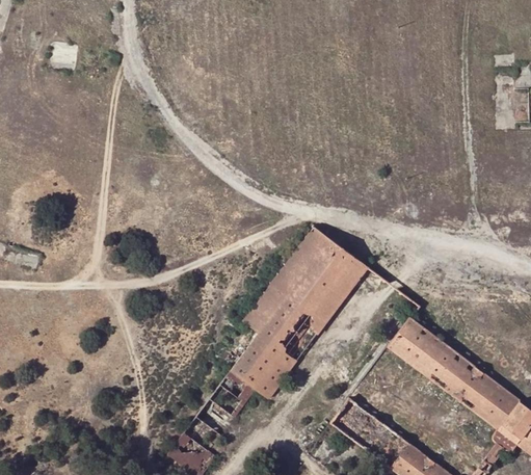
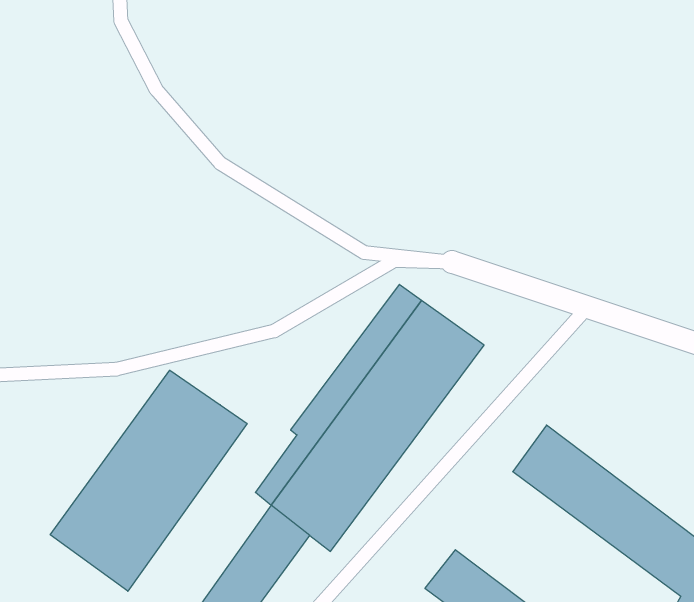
building: none -> [50,370,247,591]

